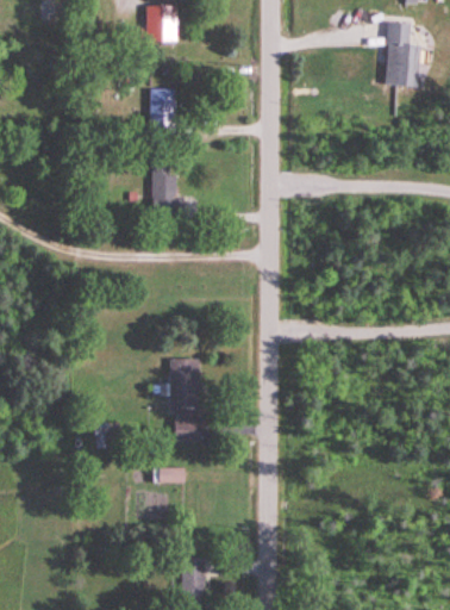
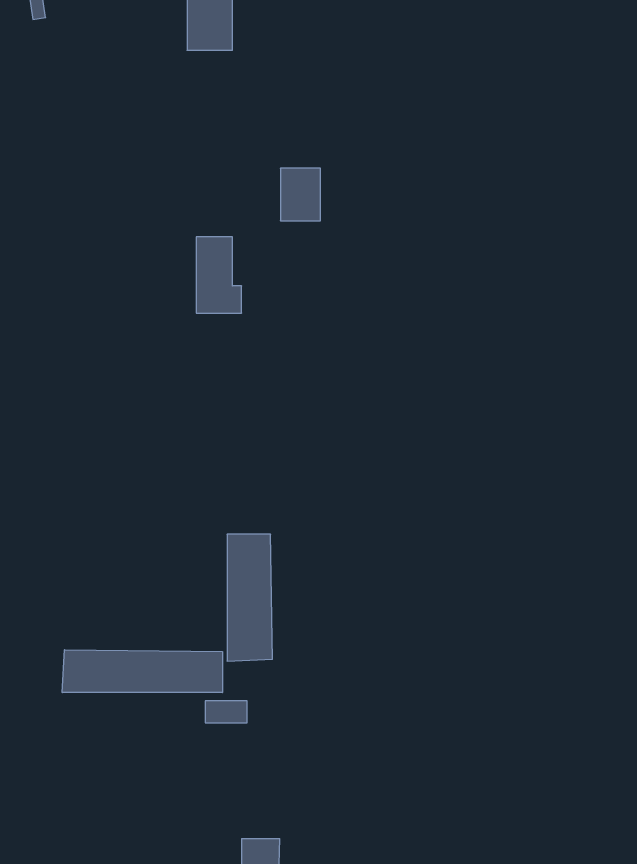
building: [386,23,420,87] -> none
building: [150,89,176,124] -> [280,168,320,221]
building: none -> [62,650,222,693]

